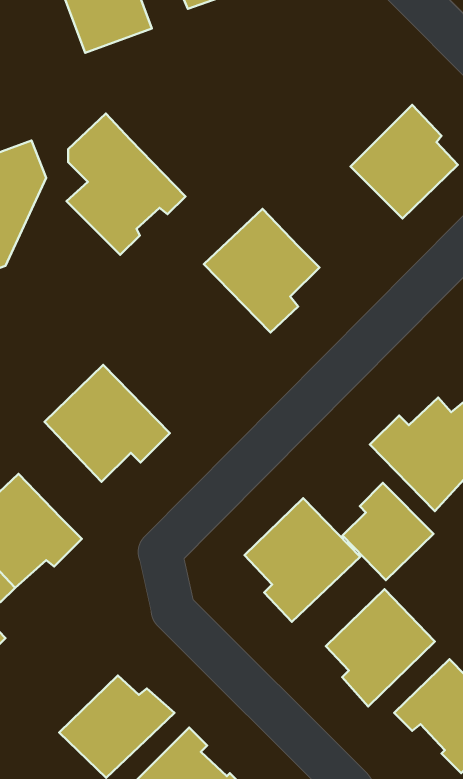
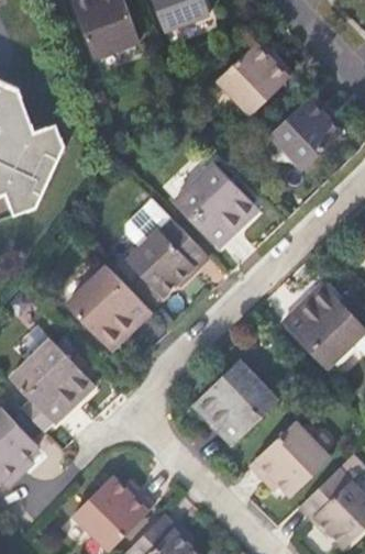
building: none -> [218,43,294,115]
building: [67,113,185,255] -> [126,203,207,299]
building: [343,483,434,580] -> none

